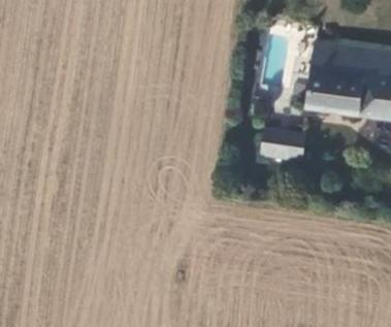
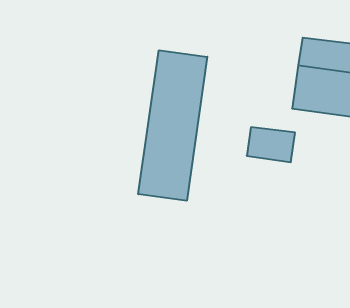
building: none -> [138,50,207,201]

